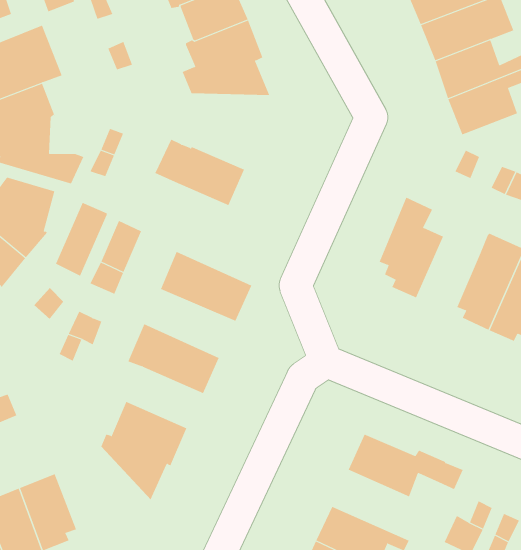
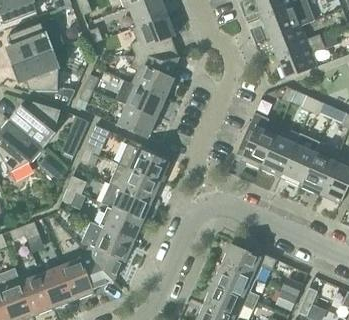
building: none -> [130,56,179,98]
building: none -> [117,105,156,138]
building: none -> [260,131,299,176]
building: none -> [109,164,160,202]
building: none -> [99,207,142,241]
building: none -> [60,251,113,299]
building: none -> [213,264,259,303]

